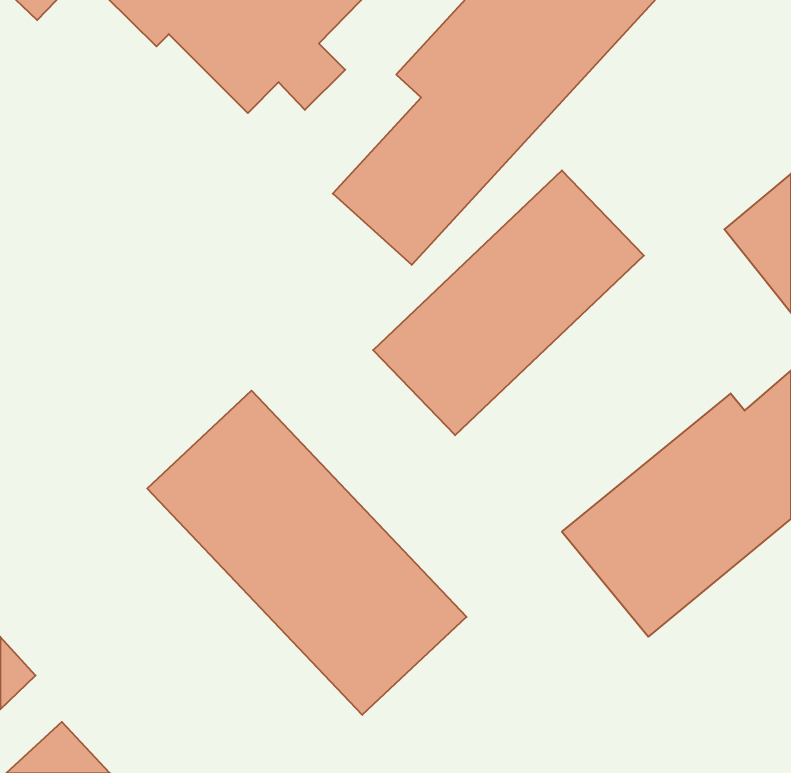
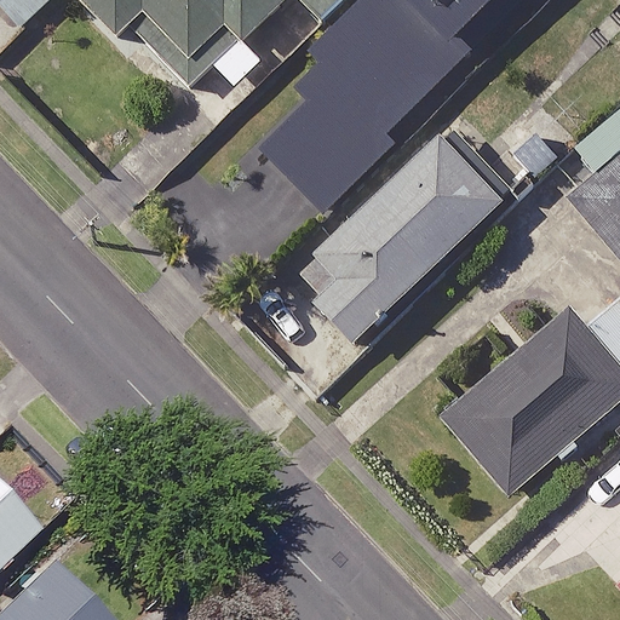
building: [147,391,467,715] -> none

